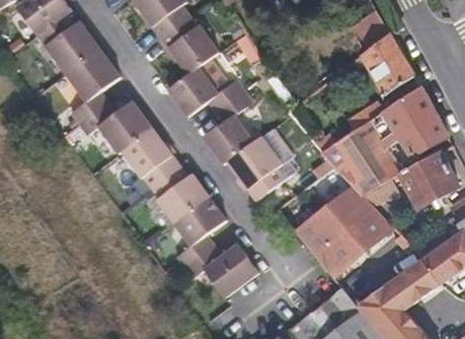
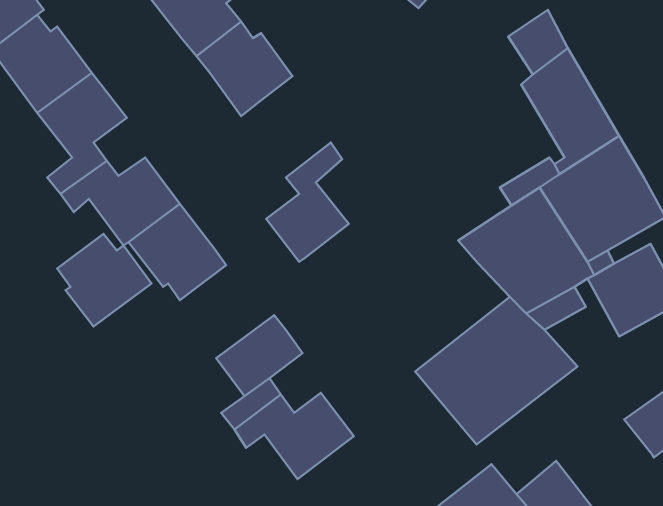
building: [168,66,243,116] -> none
building: [227,136,284,200] -> none
building: [151,165,209,222] -> [57,234,152,327]
building: [400,258,440,298] -> none

